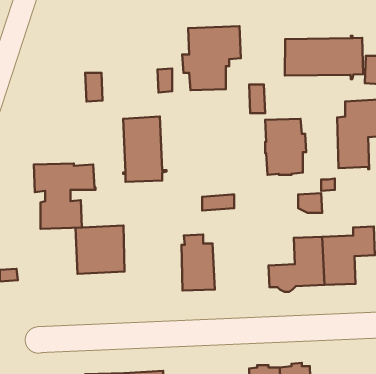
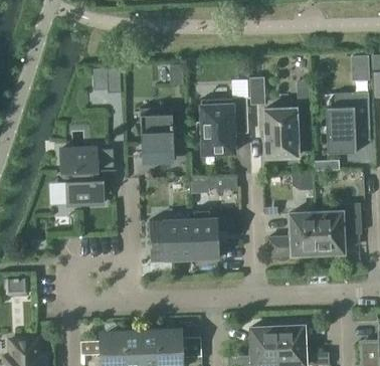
building: [182,26,241,90] -> [196,98,247,154]
building: [285,36,363,79] -> none
building: [75,226,125,274] -> [149,219,192,261]

